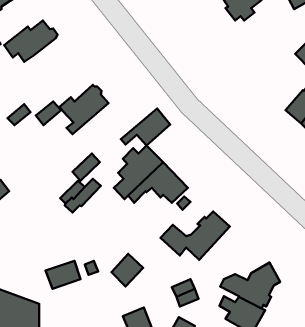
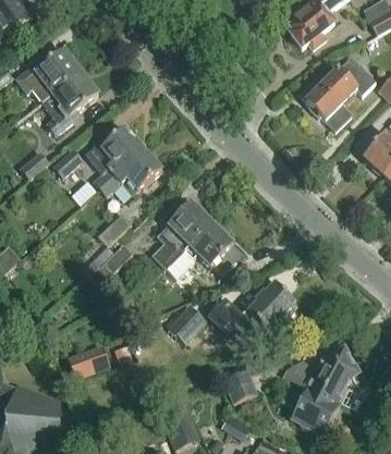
building: none -> [300,57,376,131]
building: none -> [40,70,98,135]
building: [121,109,170,145] -> [100,150,161,196]
building: [112,254,143,286] -> [171,304,210,344]

